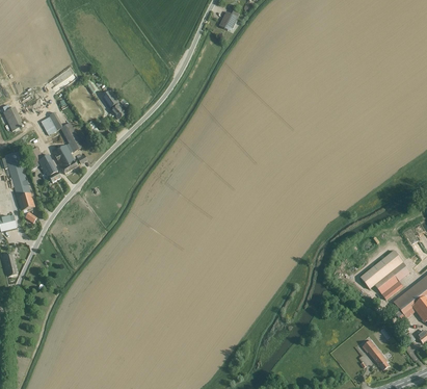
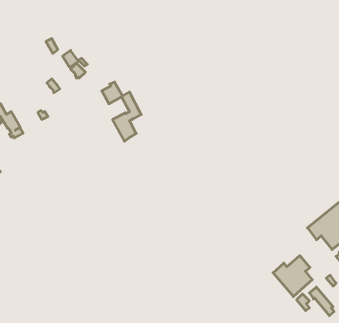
building: [41,111,82,174] -> [102,82,141,141]
building: none -> [273,256,312,297]

